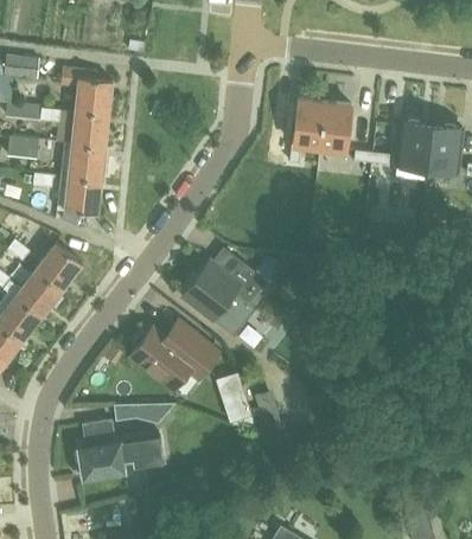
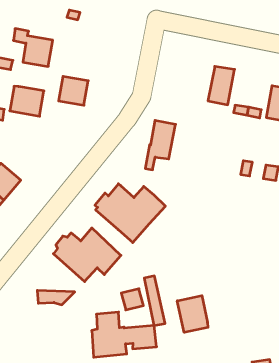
building: [288,97,324,161] -> [145,120,176,170]
building: [71,111,108,147] -> [59,76,88,105]
building: [58,175,101,213] -> none
building: none -> [177,296,208,332]
building: [78,421,164,481] -> [92,312,157,357]

